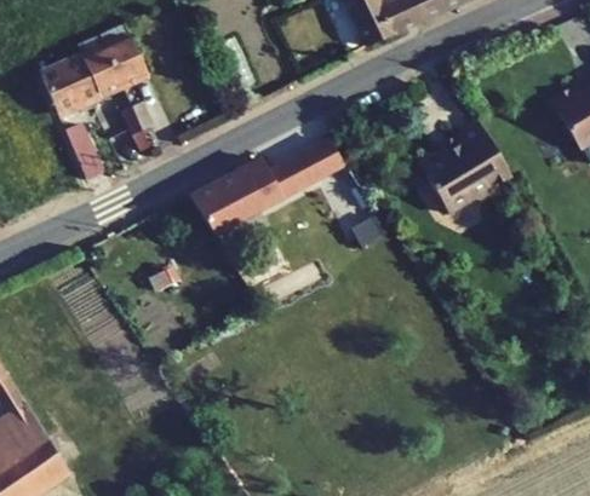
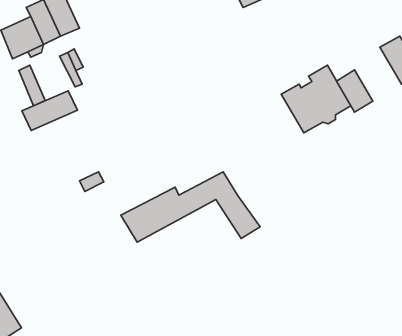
building: none -> [336,70,373,112]
building: [191,139,378,233] -> [121,172,260,242]
building: none -> [22,91,78,130]

